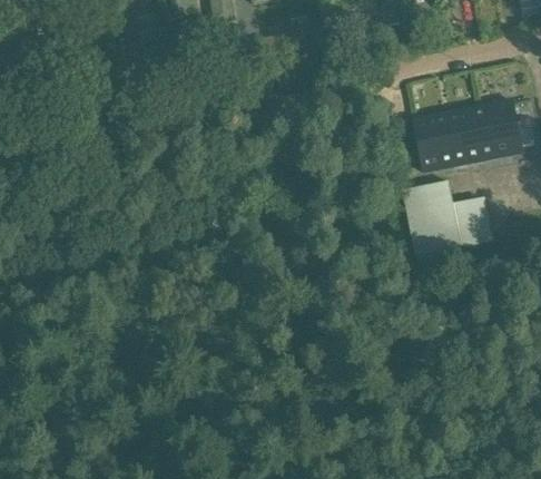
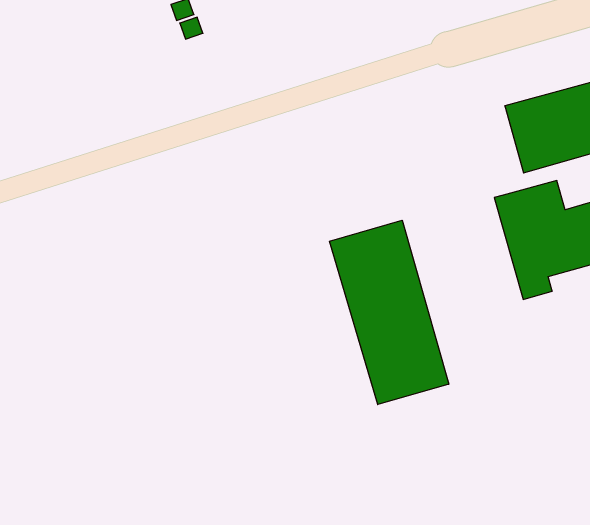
building: none -> [330,220,449,405]

